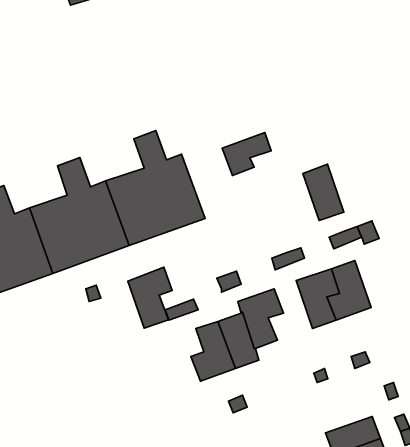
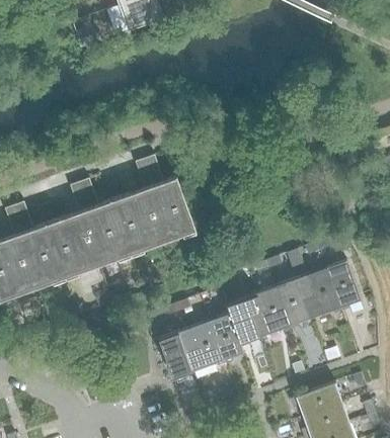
building: [222,133,271,175] -> none
building: [303,164,344,220] -> [327,260,363,309]
building: [128,267,172,328] -> [158,327,197,379]
building: none -> [252,285,291,337]
building: none -> [295,382,342,417]

